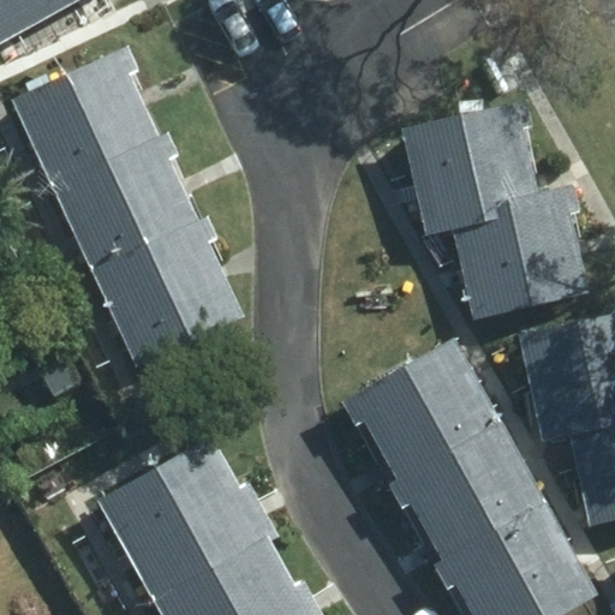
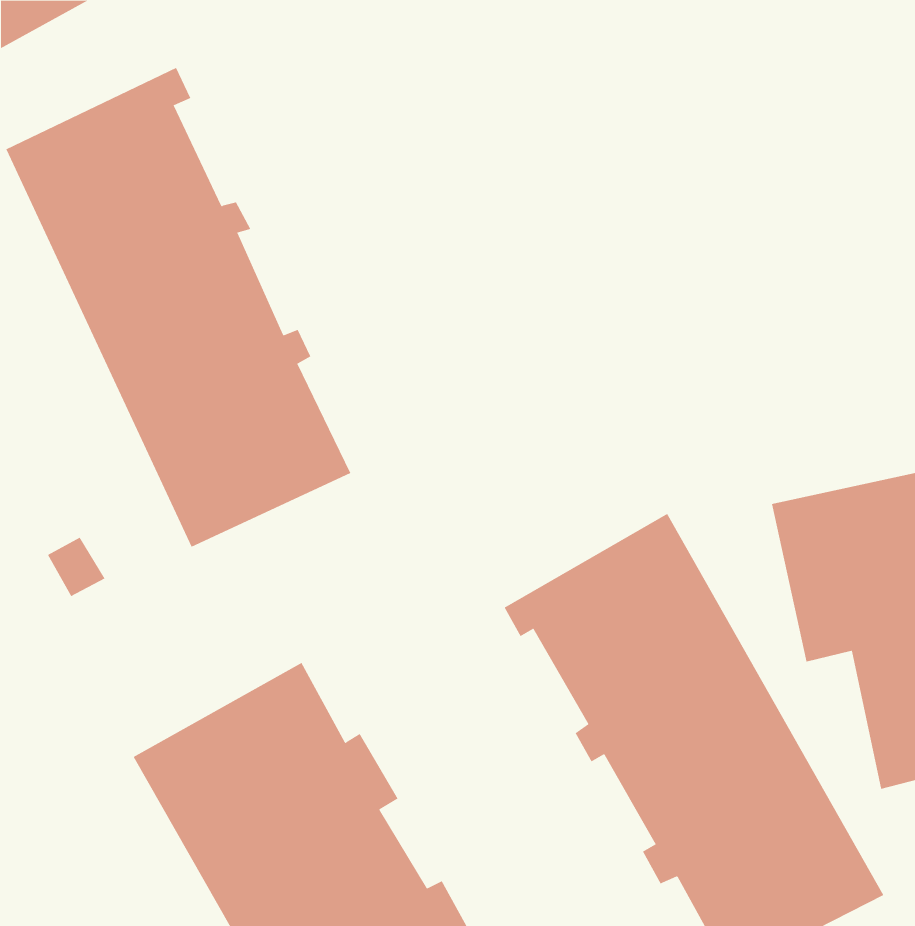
building: [404,101,587,315] -> none

